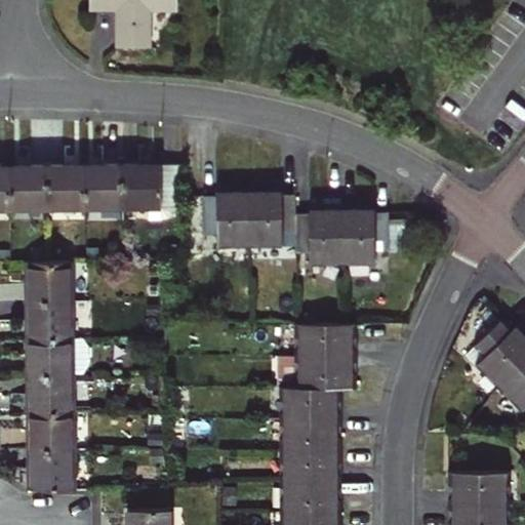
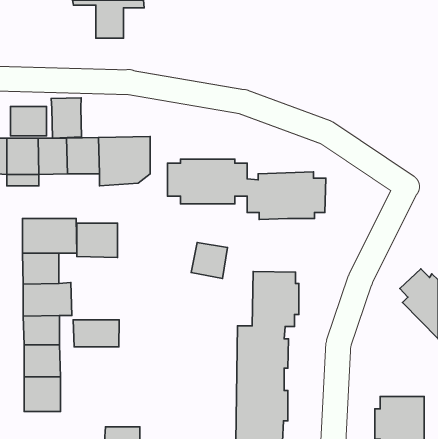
building: none -> [51,98,82,138]
building: none -> [11,107,46,136]
building: none -> [77,223,118,257]
building: none -> [191,243,228,279]
building: none -> [73,320,119,347]

